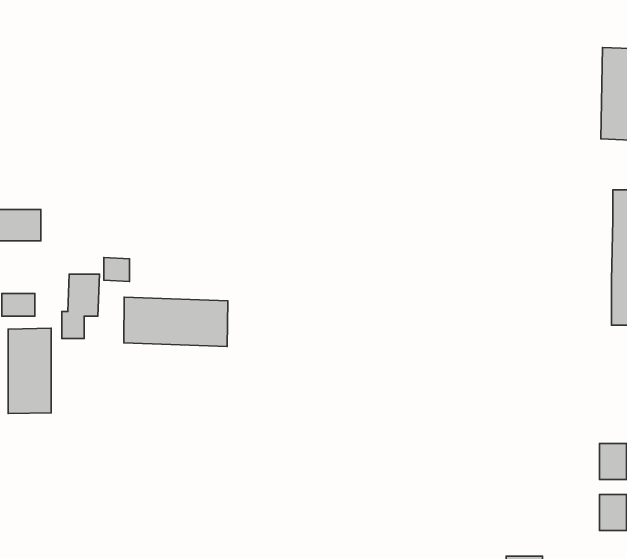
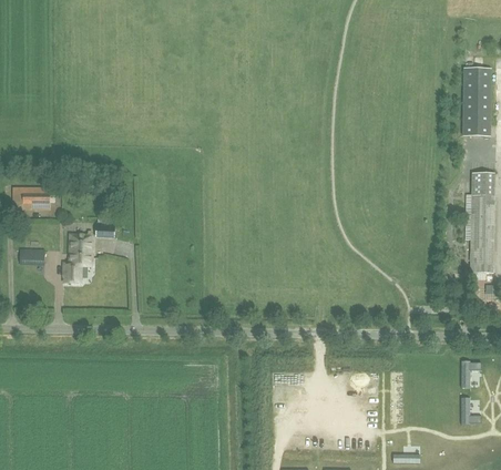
building: [124,297,228,346] -> none
building: [8,328,51,414] -> none

